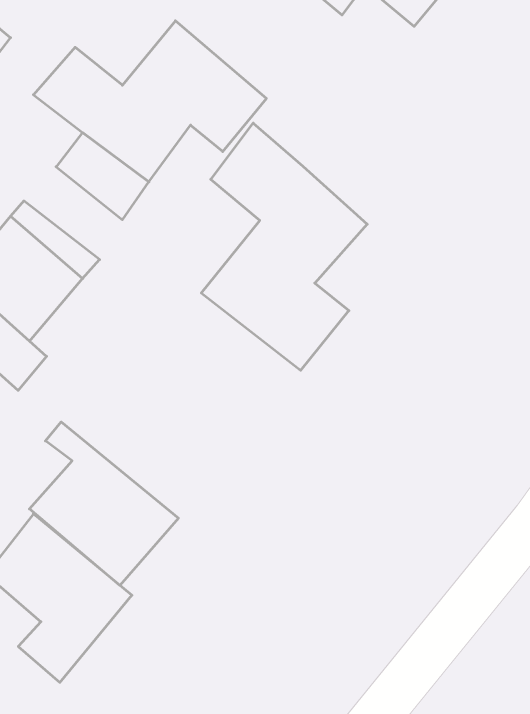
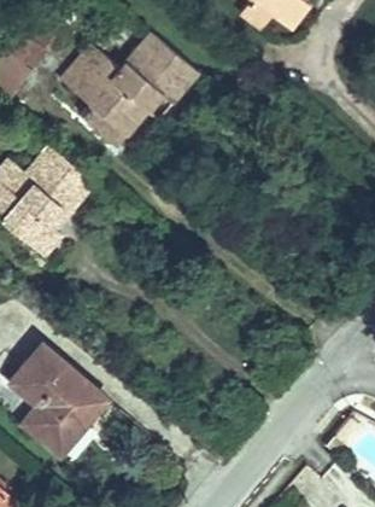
building: [201,123,367,370] -> none
building: [29,422,178,585] -> none

